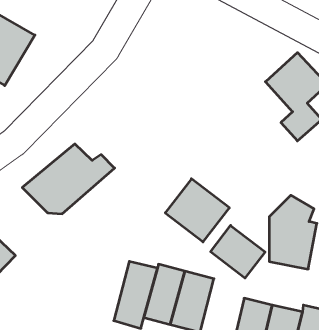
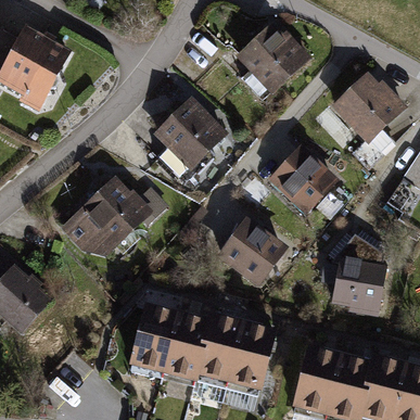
building: none -> [234,23,306,94]
building: none -> [153,96,231,186]
building: none -> [268,142,342,216]
building: [211,225,265,278] -> none
building: none -> [129,297,179,372]

